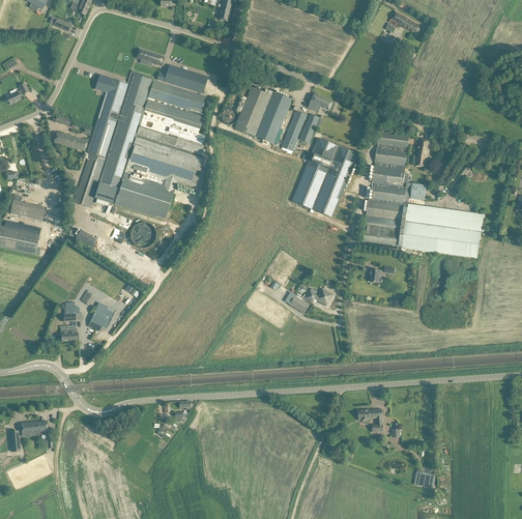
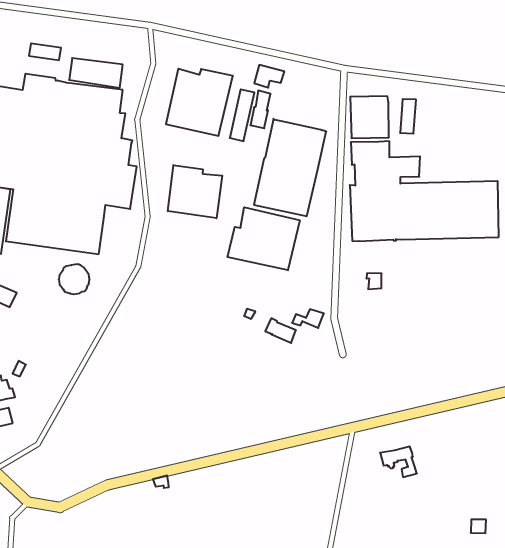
building: none -> [168,165,222,218]
building: none -> [227,207,300,270]
building: [87,302,114,330] -> none

